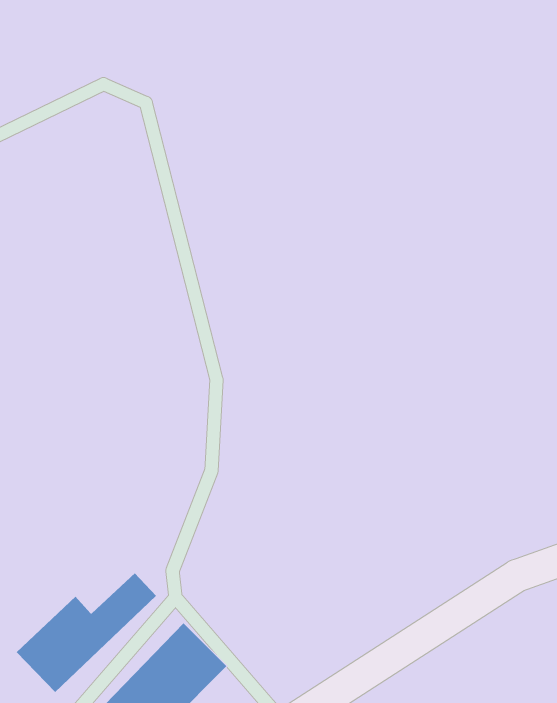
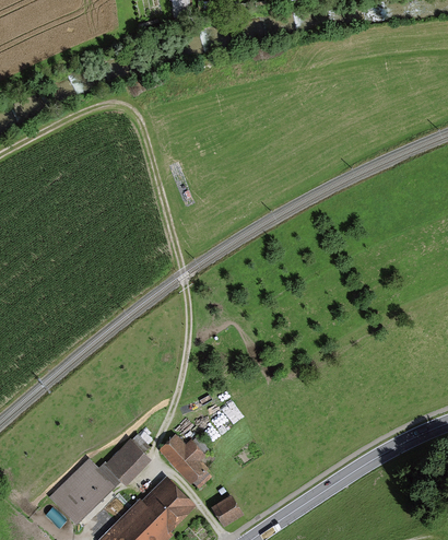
building: none -> [158,432,212,490]
building: none -> [212,496,241,525]

